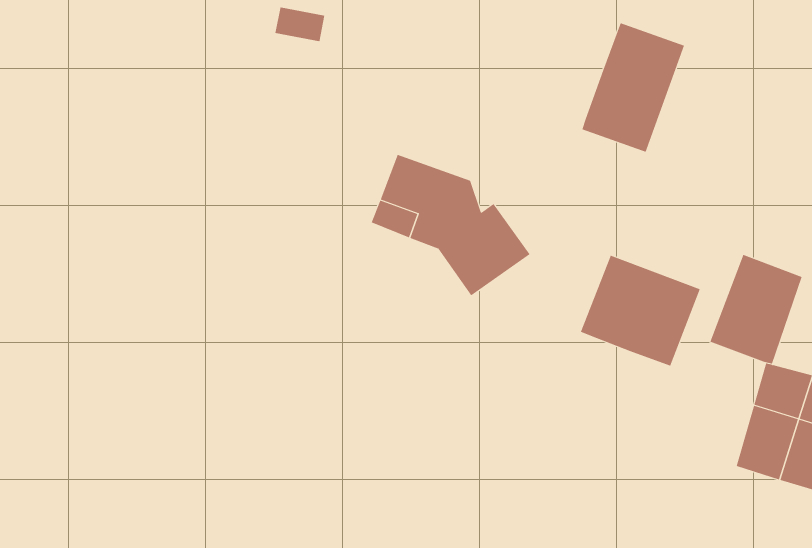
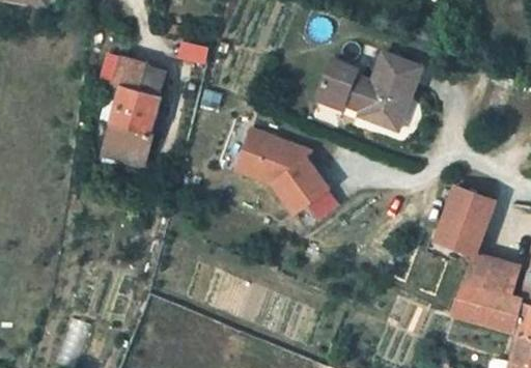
building: none -> [109,58,168,164]
building: none -> [317,60,372,109]
building: [580,255,701,367] -> none

